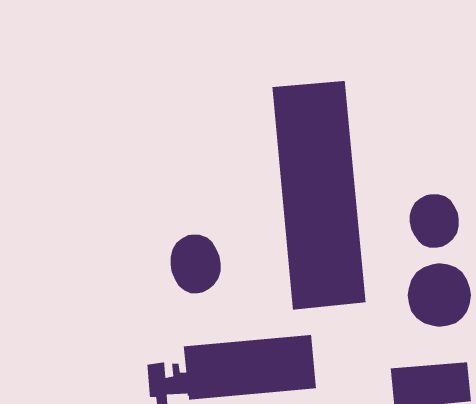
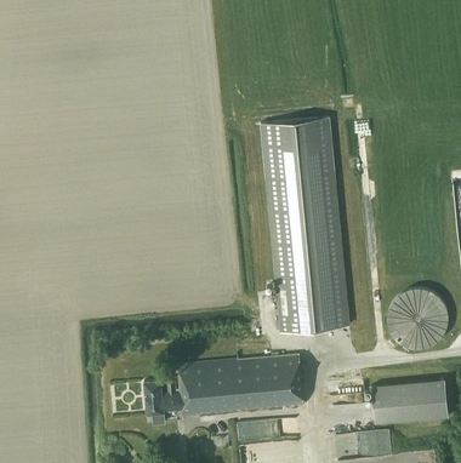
building: [409,193,460,249] -> none
building: [170,234,222,294] -> none

